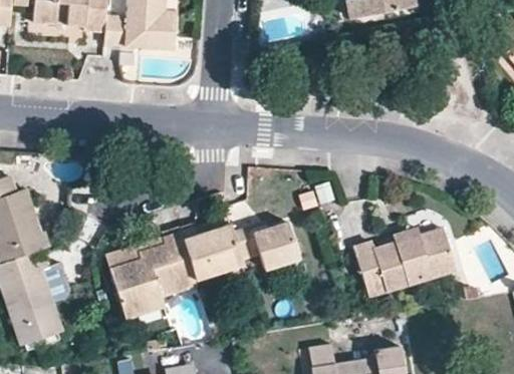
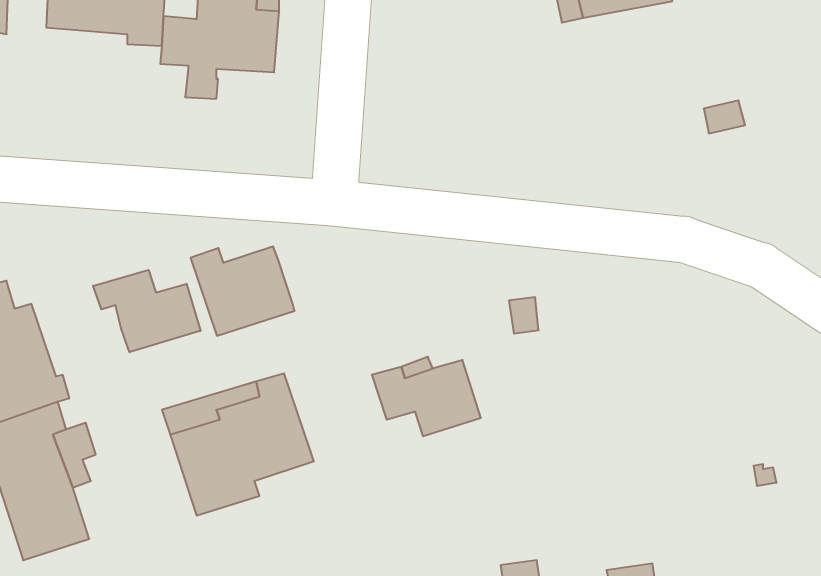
building: none -> [93,270,201,352]
building: [179,224,242,278] -> [191,246,295,336]
building: [352,229,454,294] -> none

